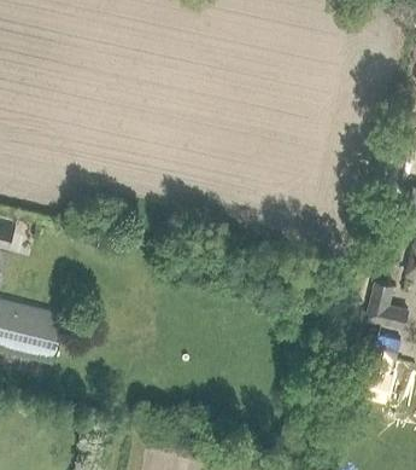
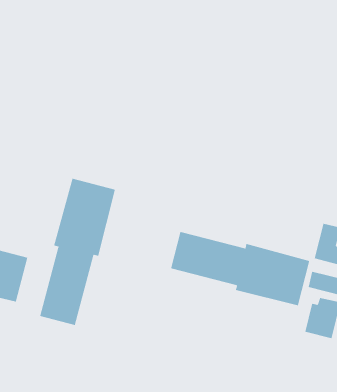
building: none -> [40,178,116,326]
building: none -> [171,231,310,306]

